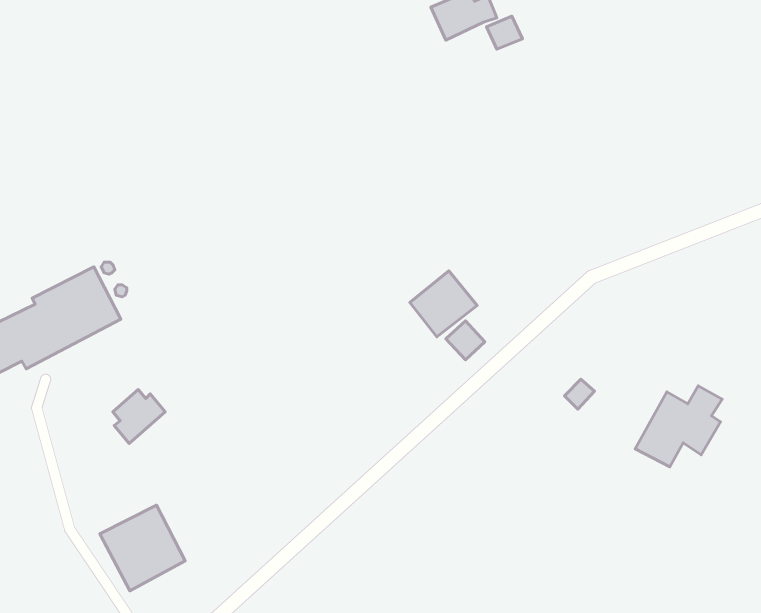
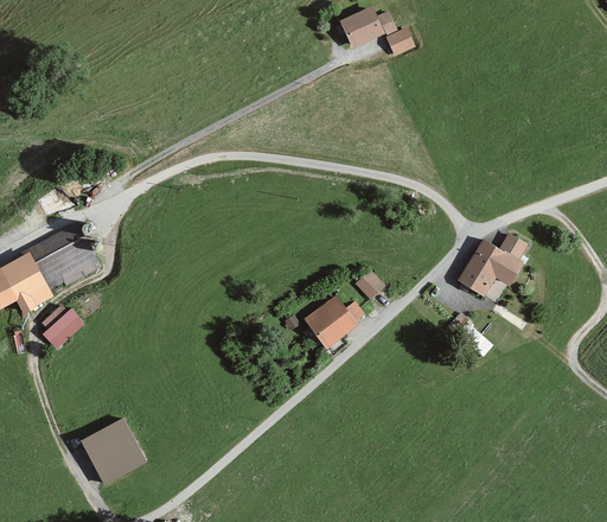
building: [410,271,477,337] -> [304,297,357,349]
building: [635,386,722,467] -> [458,233,526,297]
building: [113,389,165,443] -> [40,307,82,350]

